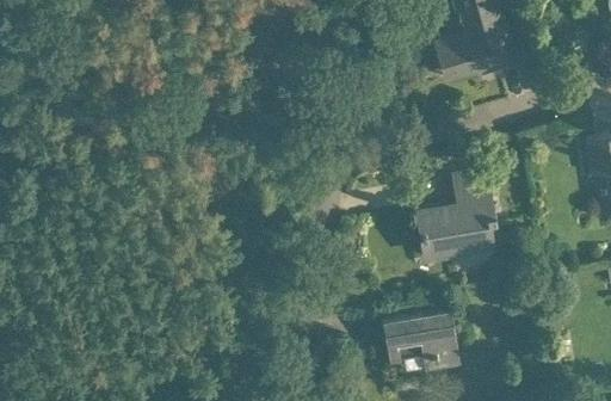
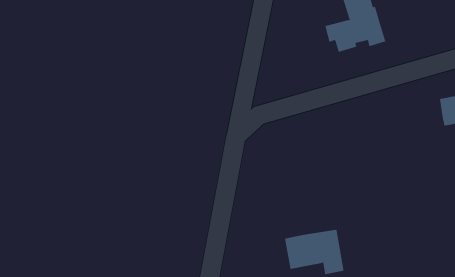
building: [416,172,495,255] -> none

